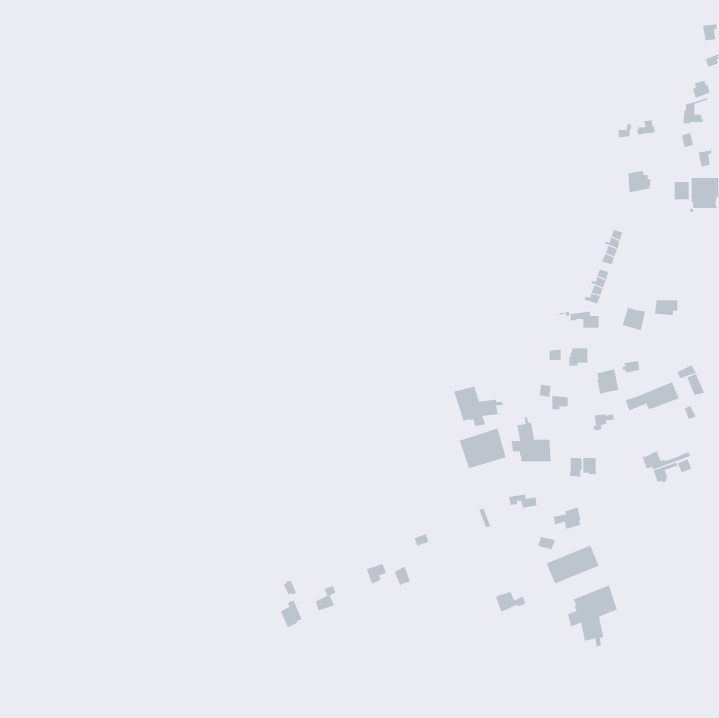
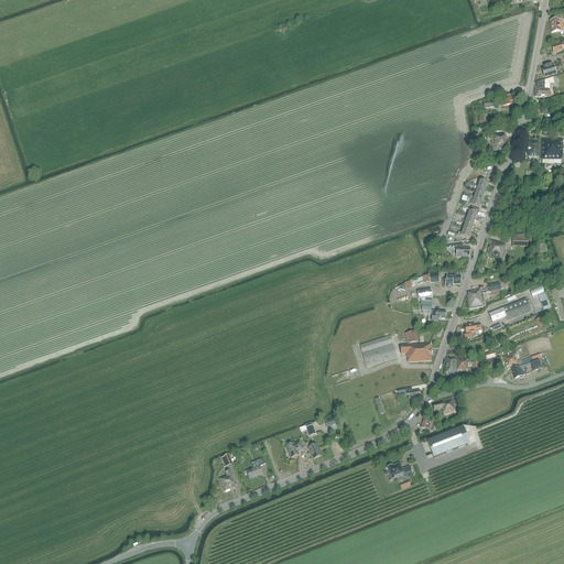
building: [454,386,504,427] -> none
building: [567,584,618,648] -> none

